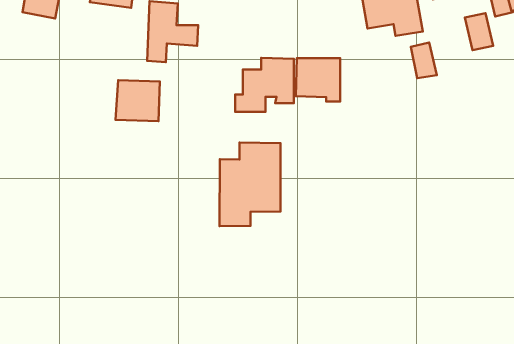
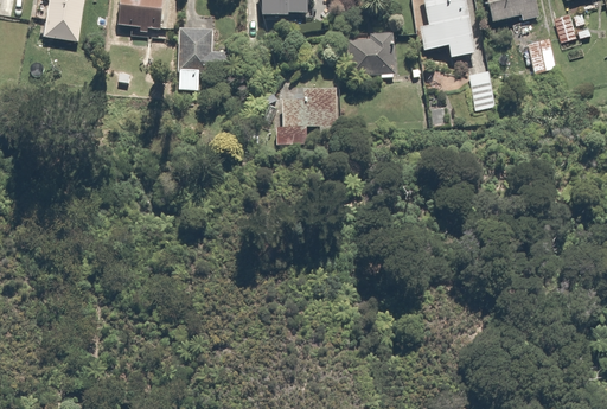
building: [296,58,340,102] -> [345,28,394,76]
building: [116,80,160,121] -> none
building: [220,143,280,226] -> none

